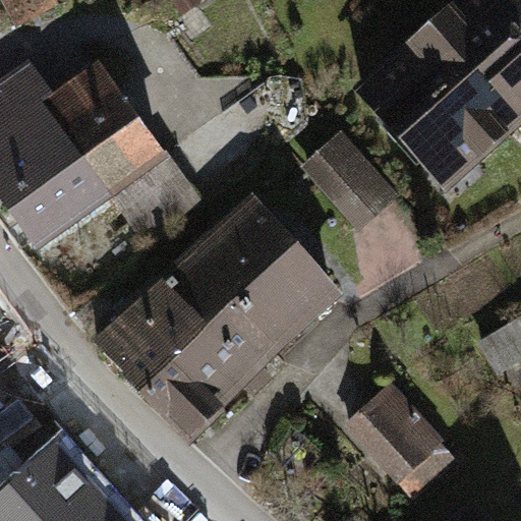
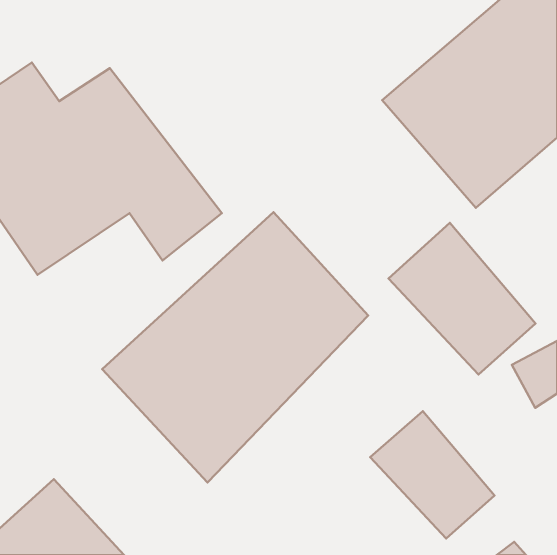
building: [299,128,399,226] -> none
building: none -> [388,223,535,375]

